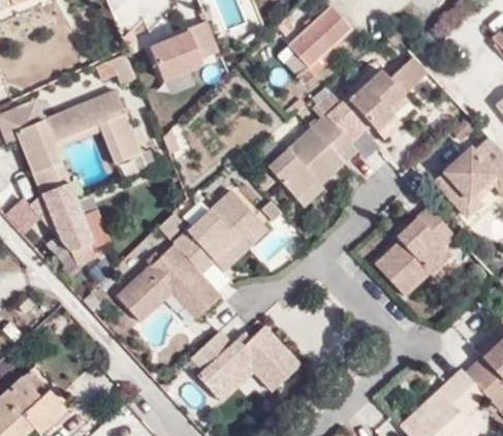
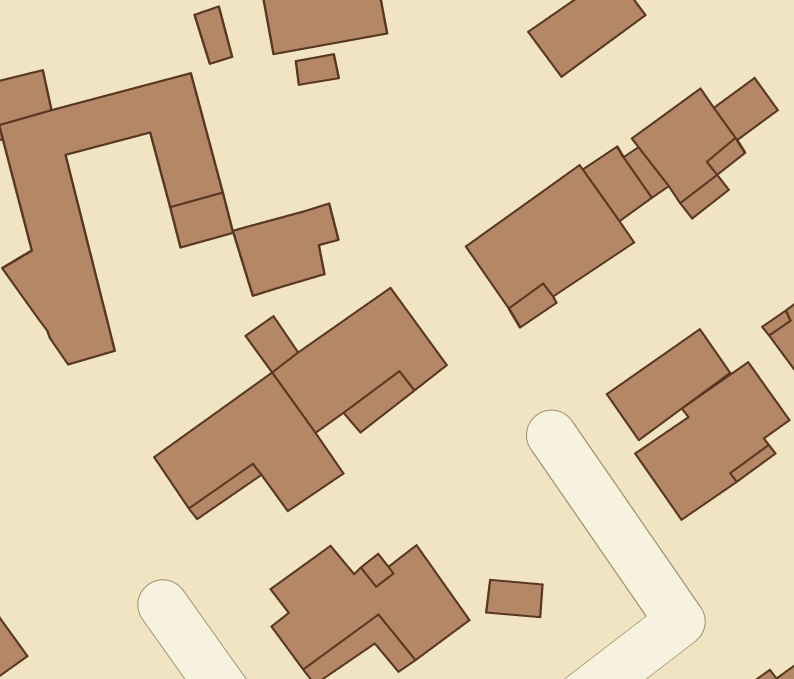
building: none -> [233,204,338,296]
building: none -> [607,329,730,440]

